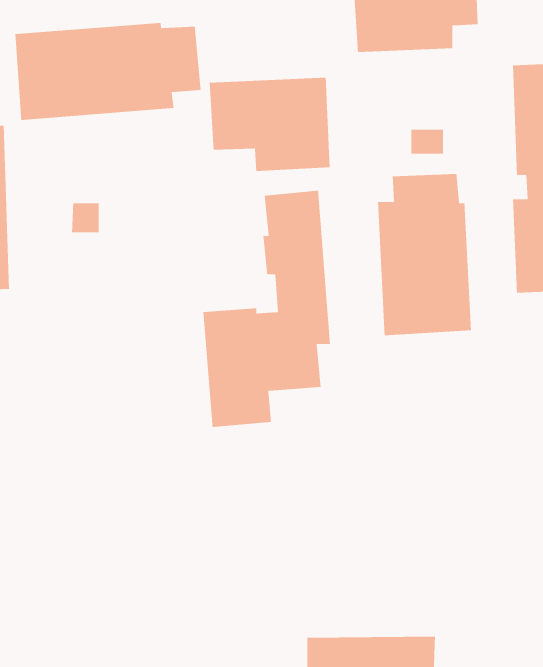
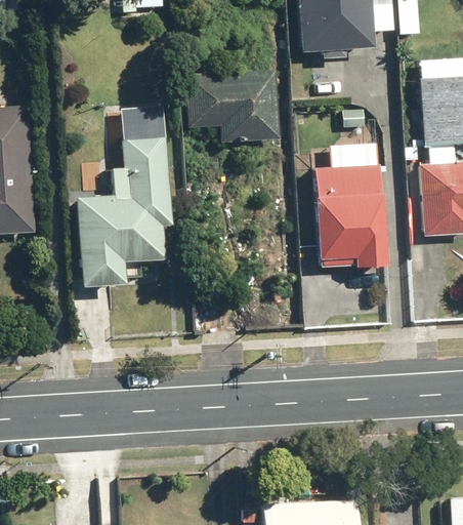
building: [15,22,201,121] -> none
building: [203,190,331,428] -> [75,105,173,287]

